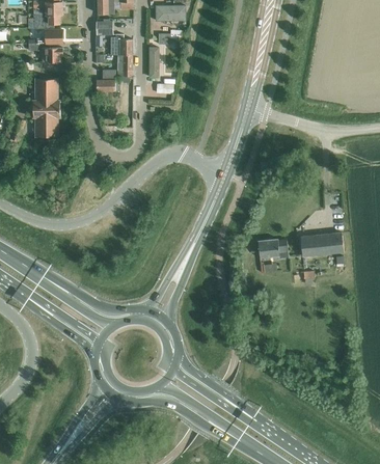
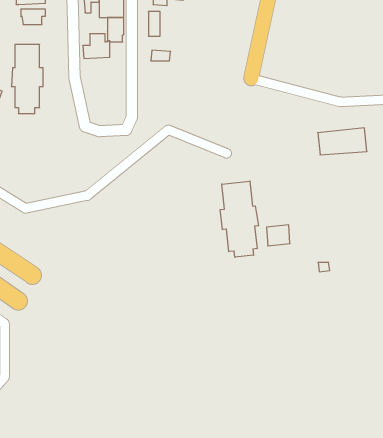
building: none -> [220,181,259,257]
building: [300,233,344,256] -> [318,128,367,155]

